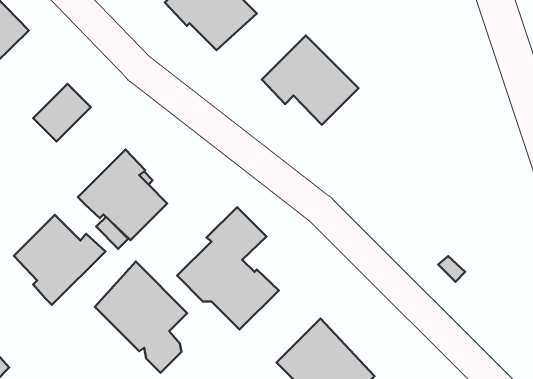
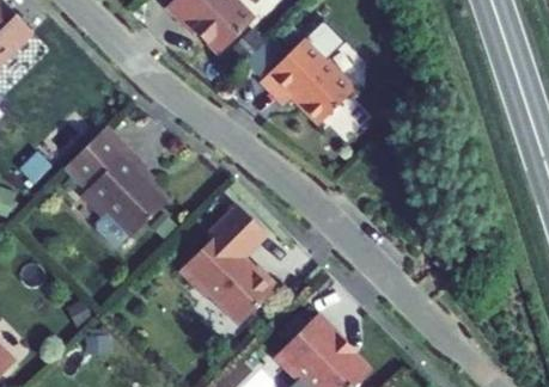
building: [33,84,91,141] -> [66,131,122,188]
building: [14,215,105,305] -> none
building: [95,262,187,373] -> none

